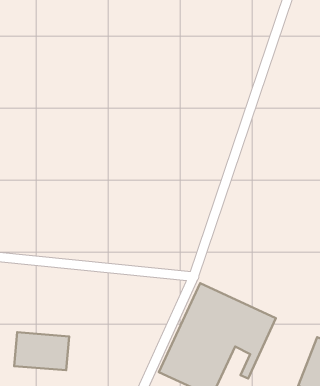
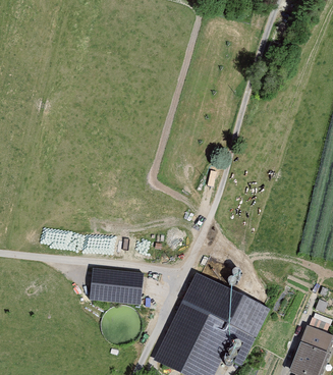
building: [14,332,69,370] -> [90,267,143,304]

